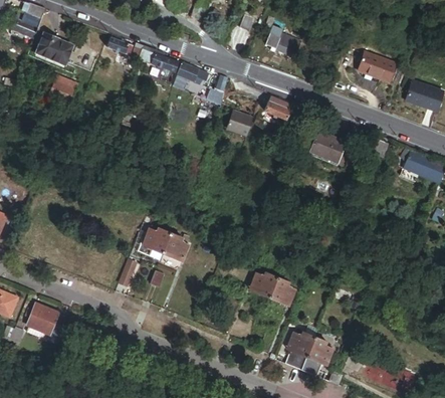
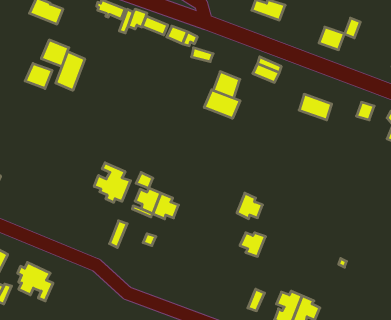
building: [368,58,394,81] -> [319,27,345,50]
building: none -> [56,52,85,90]
building: none -> [25,63,52,89]
building: none -> [204,90,240,118]
building: none -> [94,163,131,202]
building: [269,276,295,303] -> [237,193,263,219]

